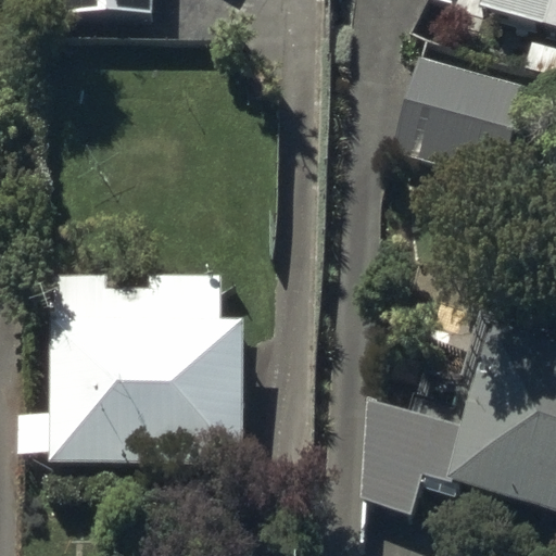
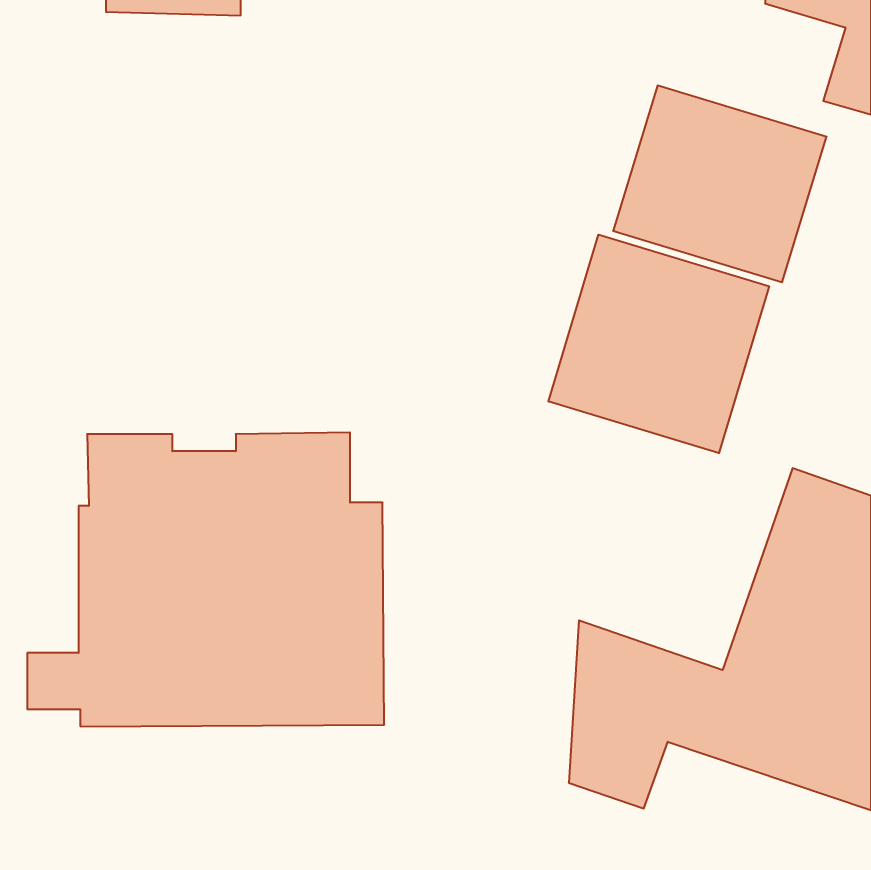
building: none -> [548,235,769,453]

